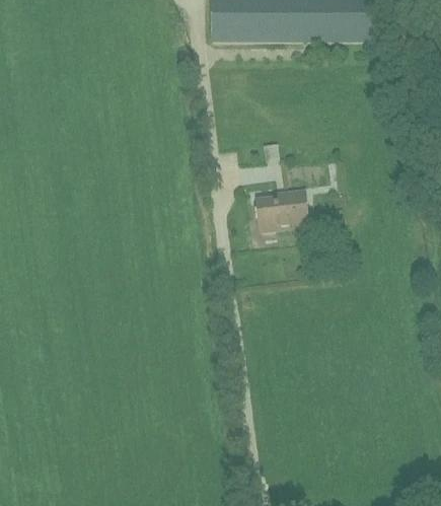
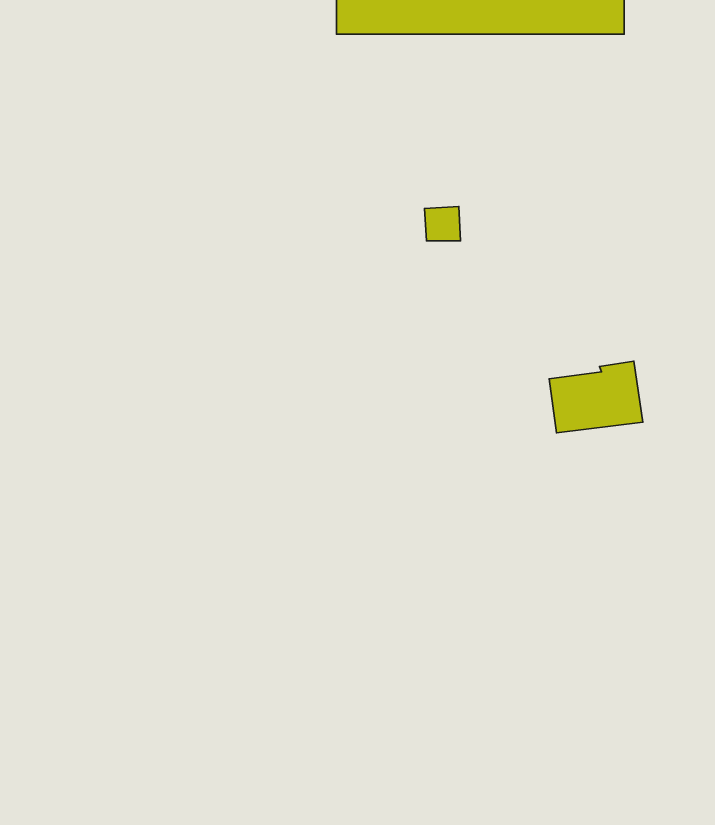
building: [255,190,308,230] -> [549,361,643,433]

